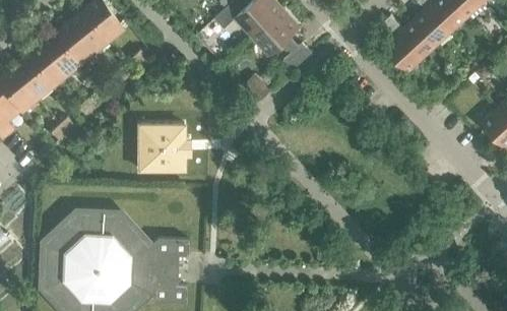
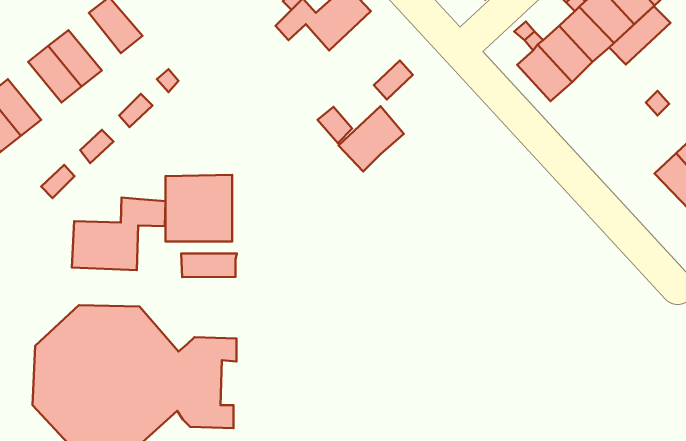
building: none -> [609,6,670,64]
building: [252,9,298,55] -> [339,106,404,171]
building: [69,10,106,51] -> none
building: [26,45,64,85] -> none
building: none -> [72,198,166,270]
building: none -> [181,254,237,277]

